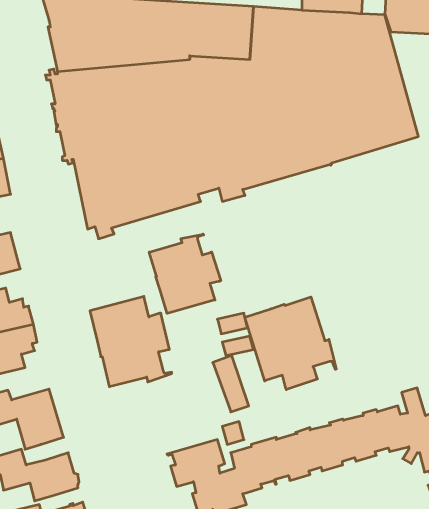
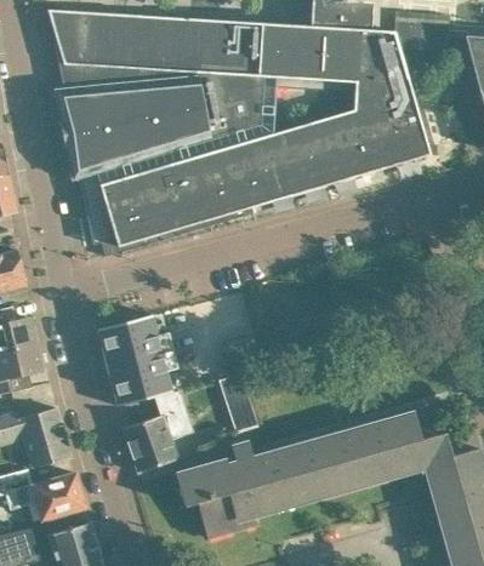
building: [149,234,221,313] -> none
building: [245,297,336,390] -> none
building: none -> [121,393,193,473]

